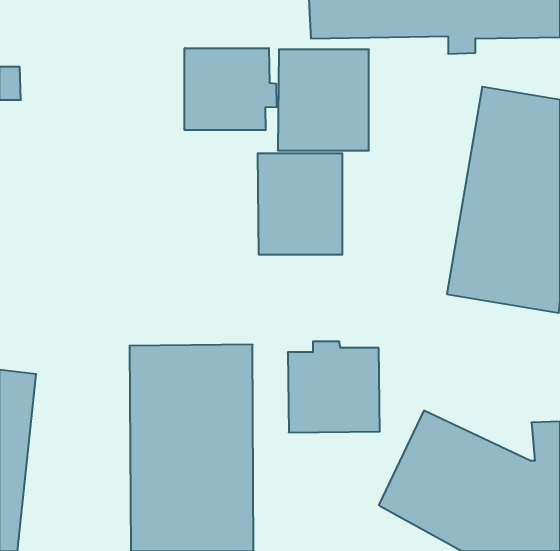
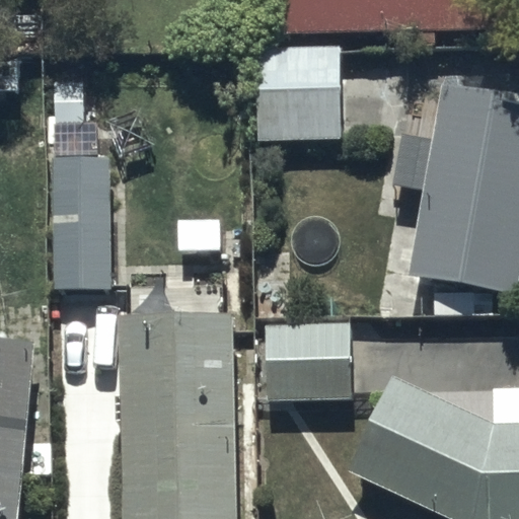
building: [185,48,276,130] -> none
building: [258,153,342,255] -> none
building: none -> [52,158,115,290]

